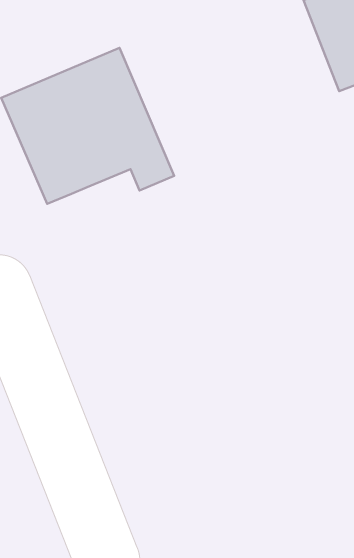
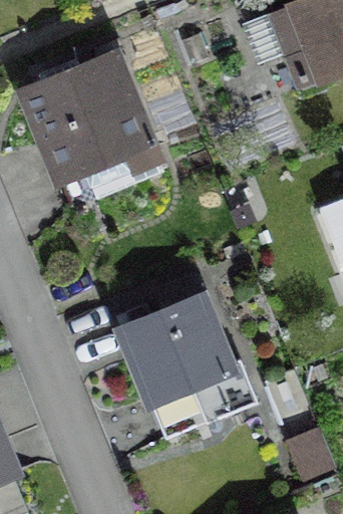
building: none -> [111,294,234,410]

